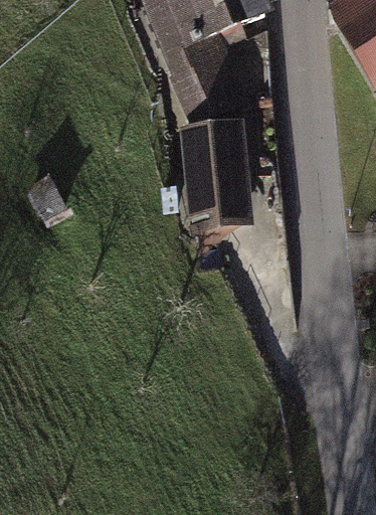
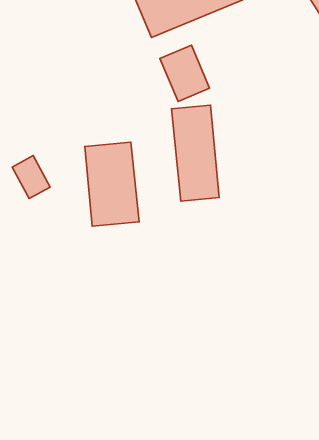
building: none -> [85,142,139,226]

